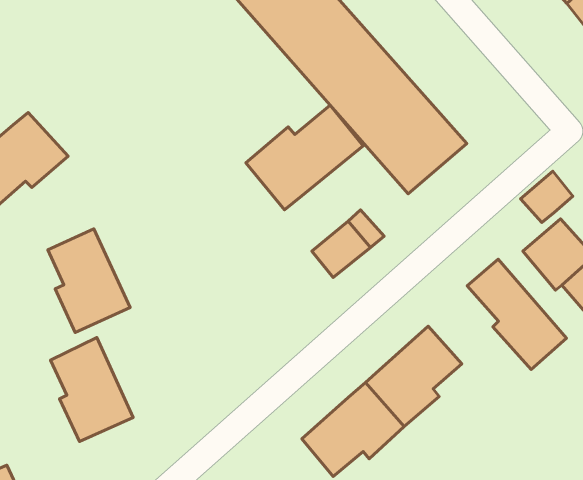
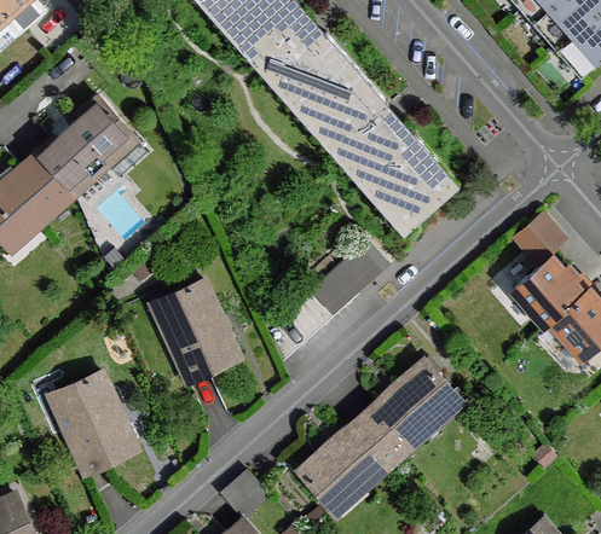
building: none -> [35,98,129,197]
building: [246,105,363,210] -> none
building: [48,229,130,333] -> [160,281,239,382]
building: [467,259,567,370] -> none

